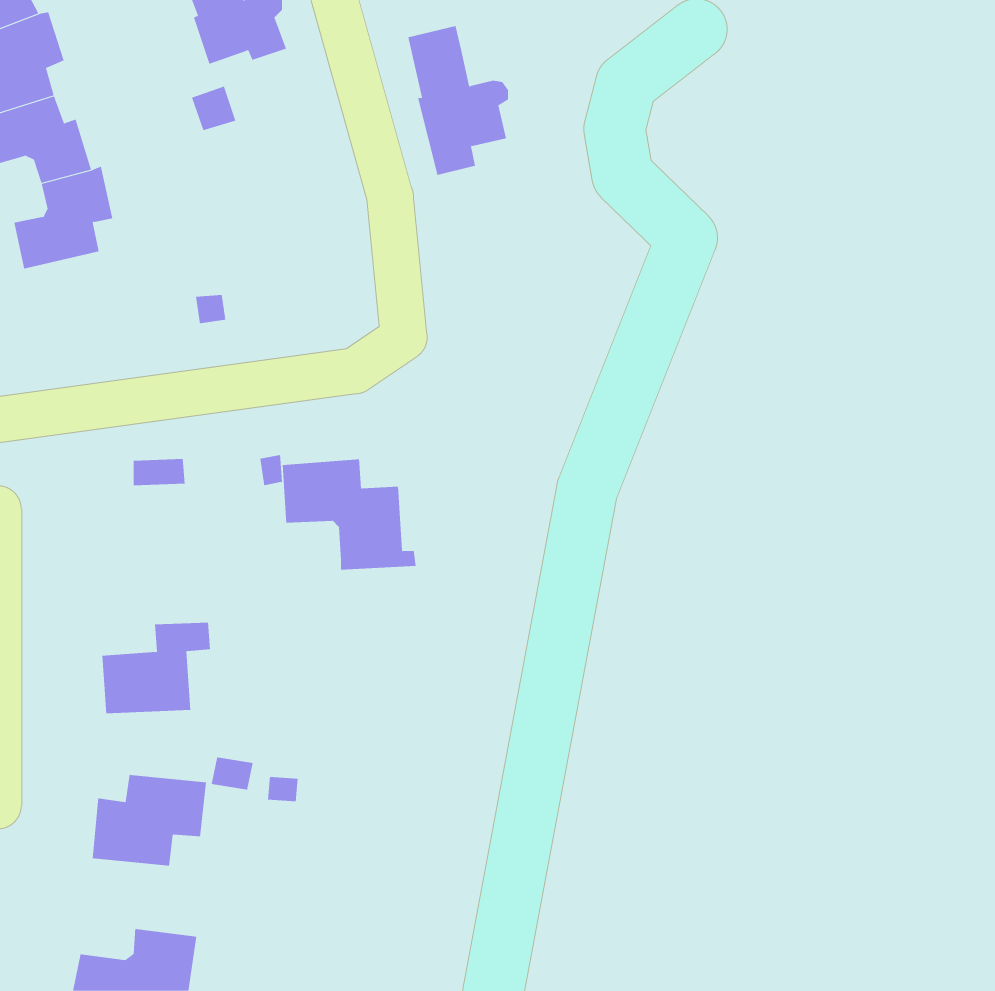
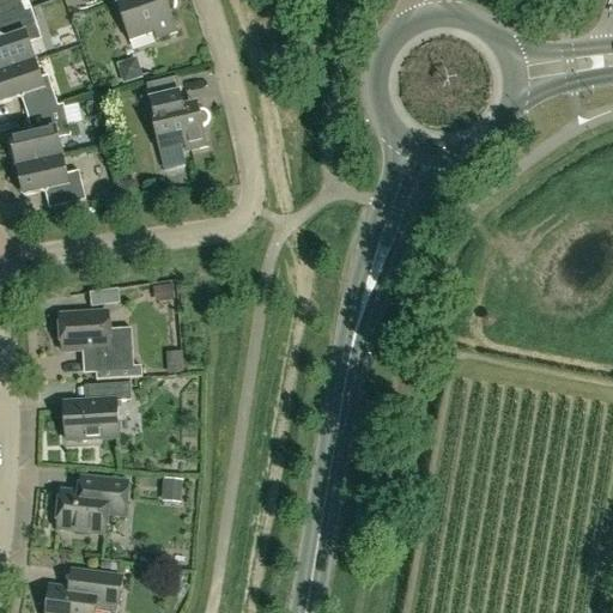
building: [407,25,509,176] -> [145,75,207,168]
building: none -> [14,154,85,207]
building: [282,459,416,570] -> [59,310,141,378]

